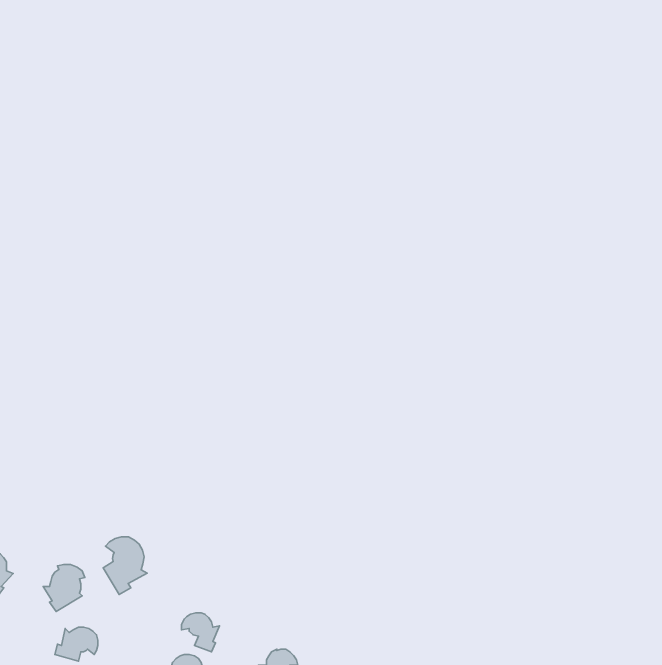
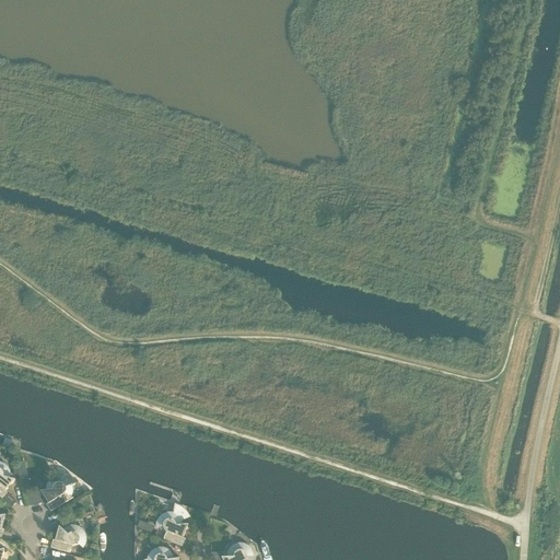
building: [103,537,147,595] -> none

